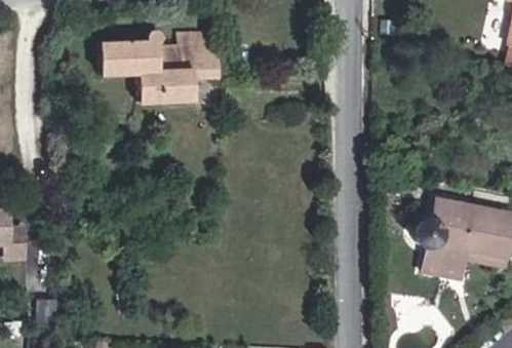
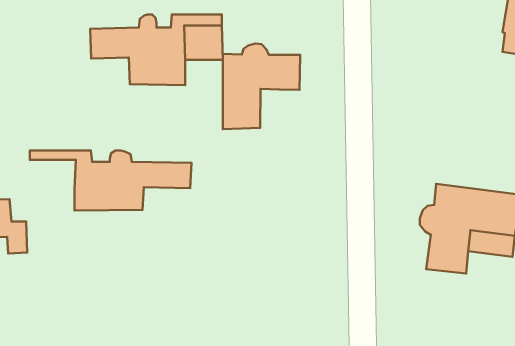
building: none -> [223,43,300,129]
building: none -> [30,150,192,211]

